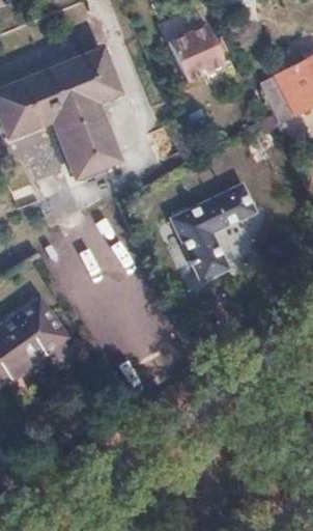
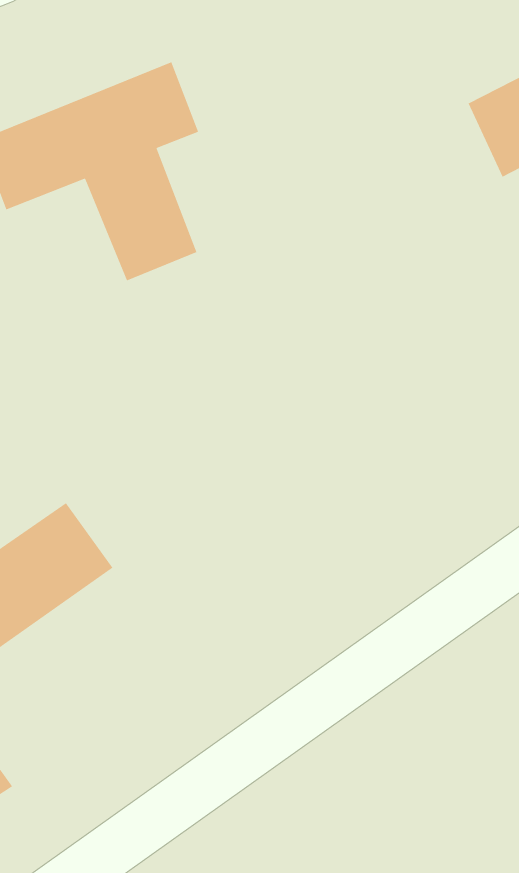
building: [171,24,235,99] -> none
building: [174,186,257,281] -> none

